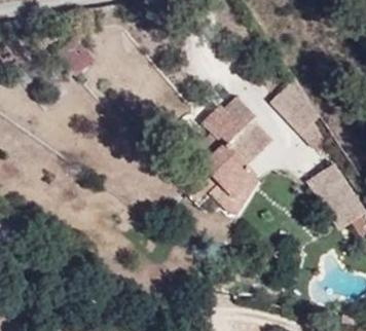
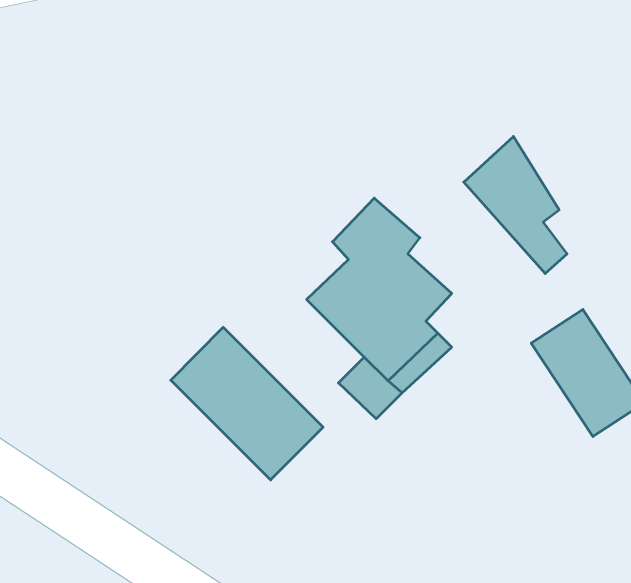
building: none -> [171,327,323,480]

